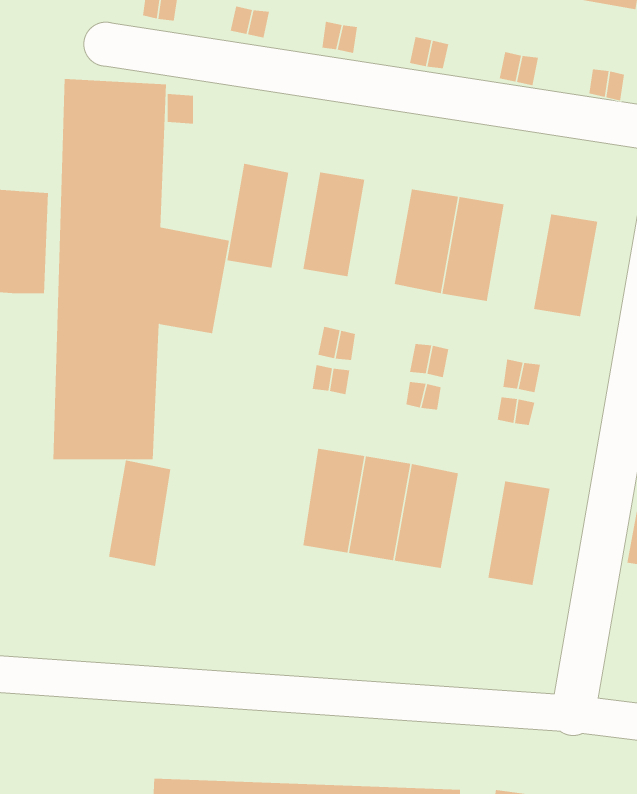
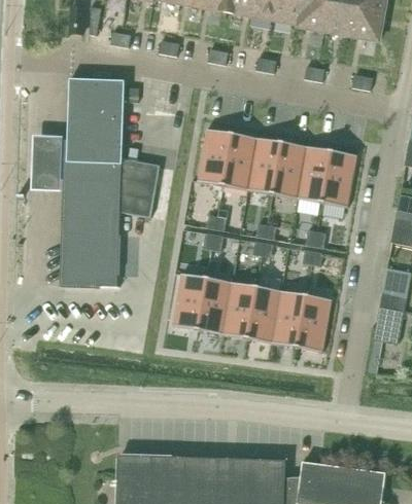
building: [226,163,289,268] -> [222,133,256,189]
building: none -> [298,146,332,203]
building: [108,460,171,567] -> [172,273,206,330]
building: none -> [273,291,307,348]

